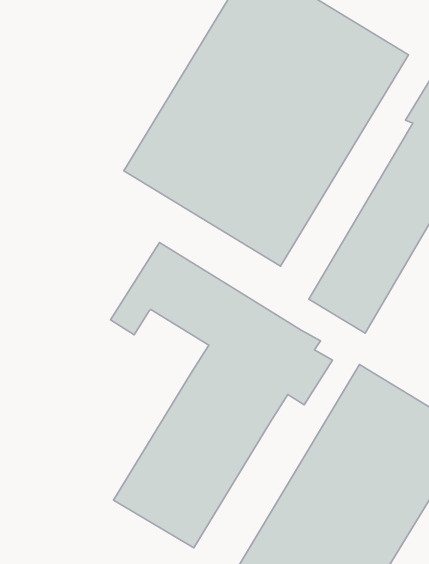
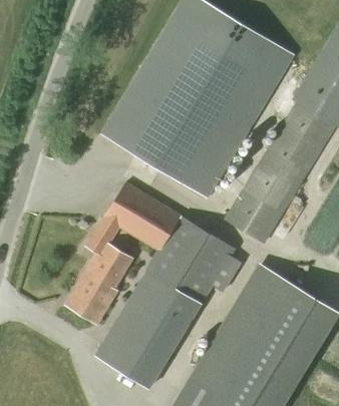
building: none -> [66,245,133,324]

